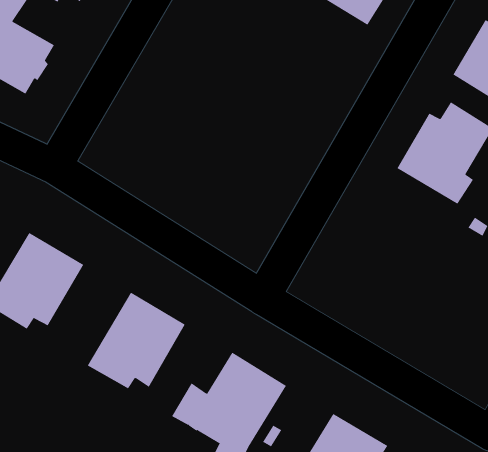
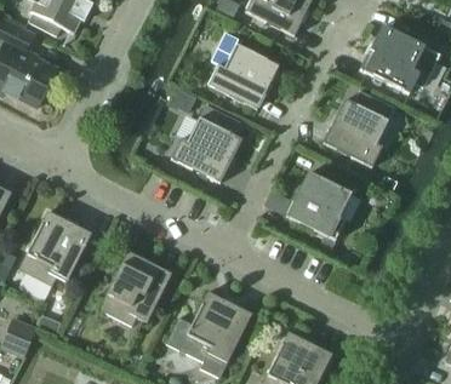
building: none -> [209,33,279,109]
building: none -> [171,104,241,183]
building: none -> [285,164,358,251]

